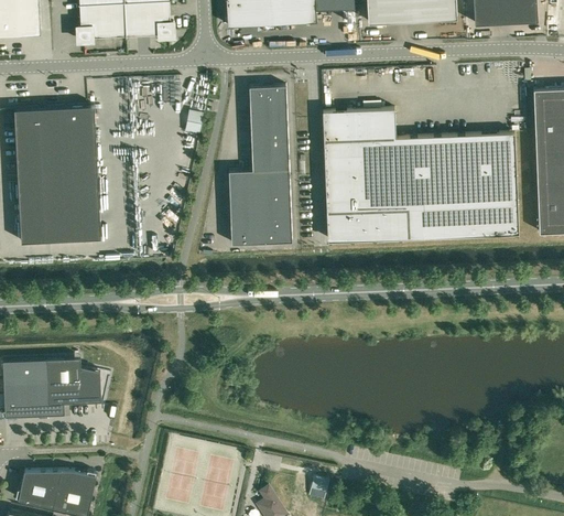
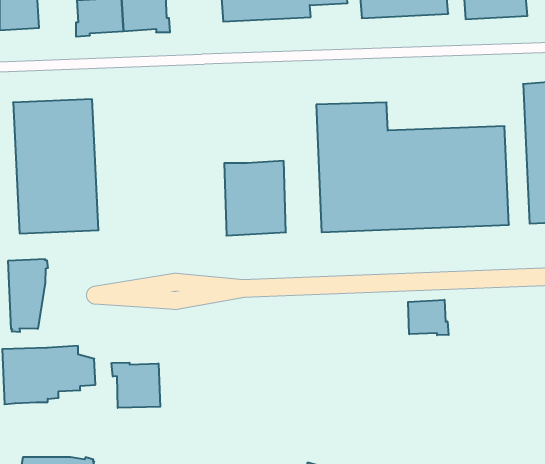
building: [250,86,290,171] -> none
building: none -> [8,259,48,332]
building: none -> [408,300,449,335]
building: none -> [112,363,160,408]

